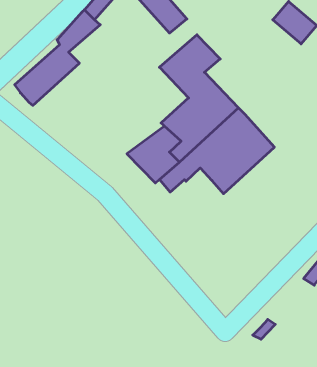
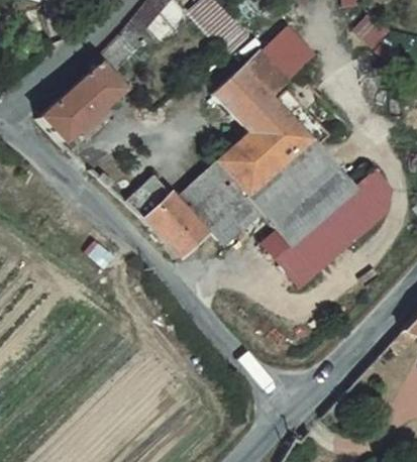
building: none -> [262,29,317,84]
building: none -> [266,174,392,285]
building: none -> [130,178,211,257]

